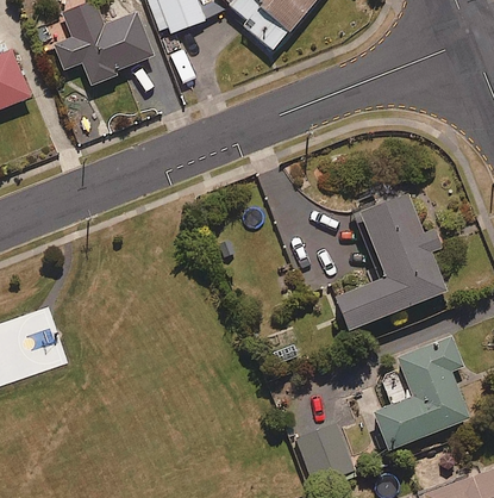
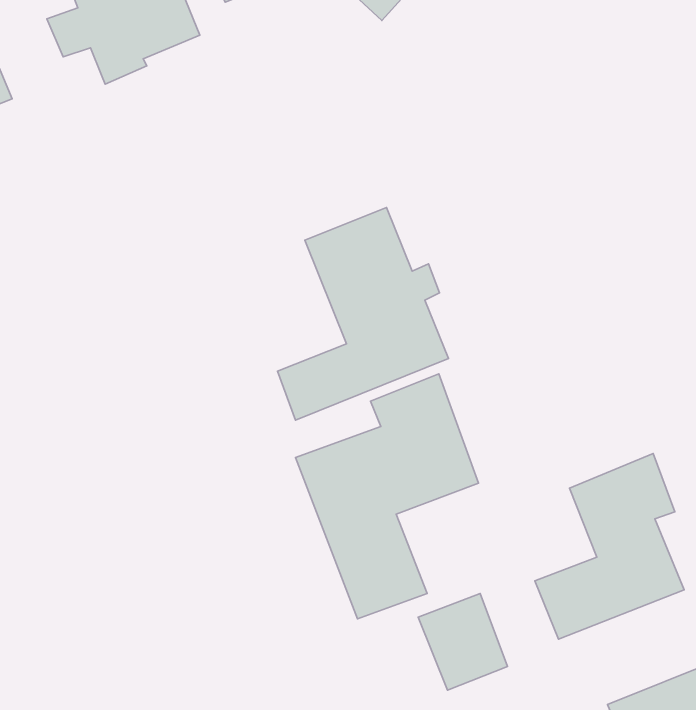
building: [336,192,448,331] -> [277,207,449,420]
building: none -> [296,374,478,619]

